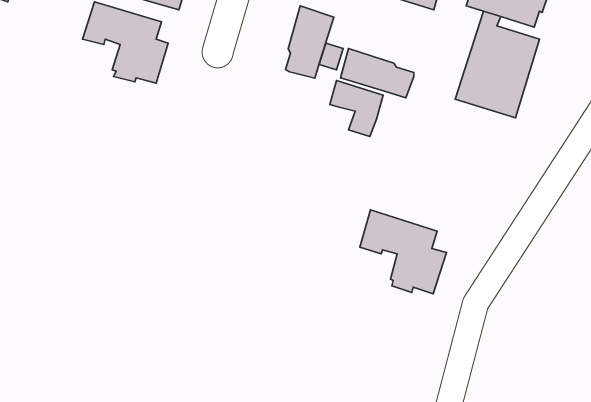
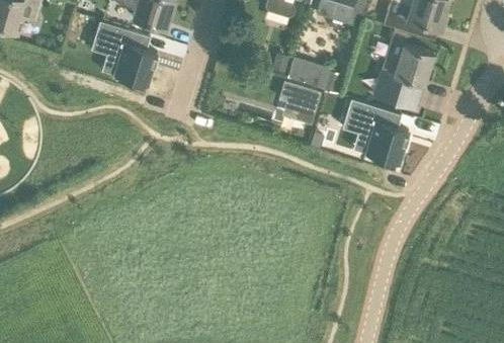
building: [285,6,334,78] -> none
building: [360,210,447,294] -> [343,99,409,163]

